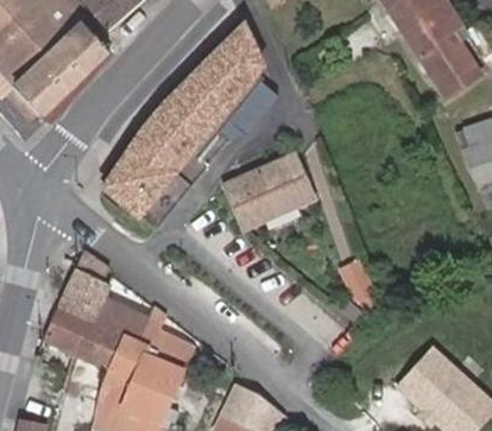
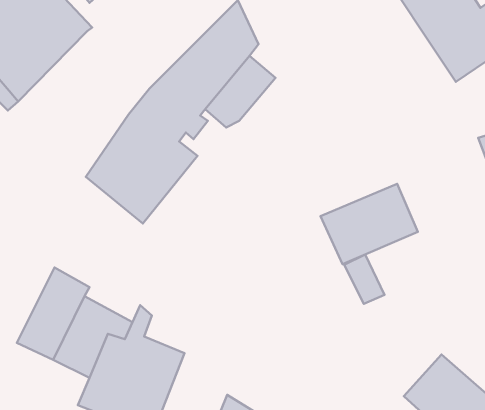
building: [223,153,313,227] -> [320,184,418,264]

